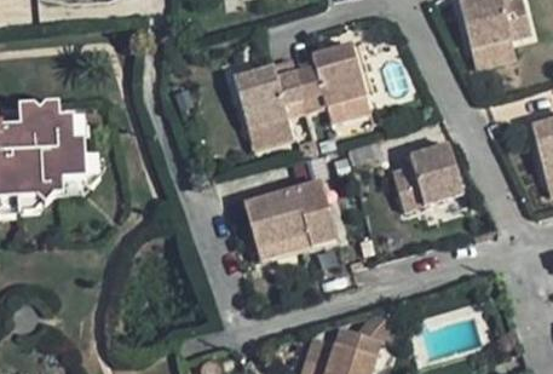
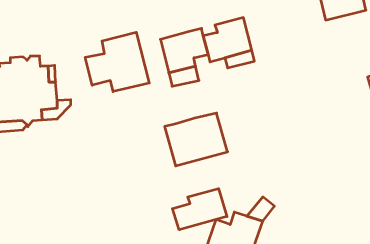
building: none -> [85,32,149,92]
building: [396,145,465,213] -> none
building: none -> [172,189,227,230]

